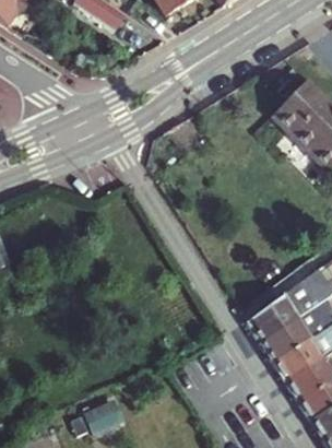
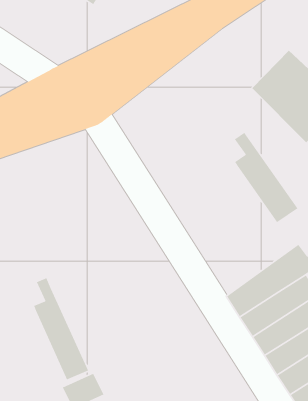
building: none -> [234,132,298,223]
building: none -> [33,277,89,381]

